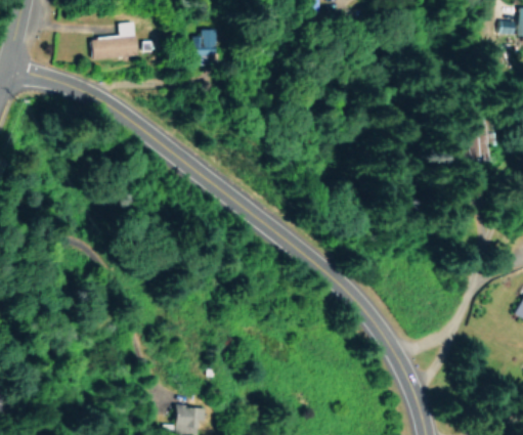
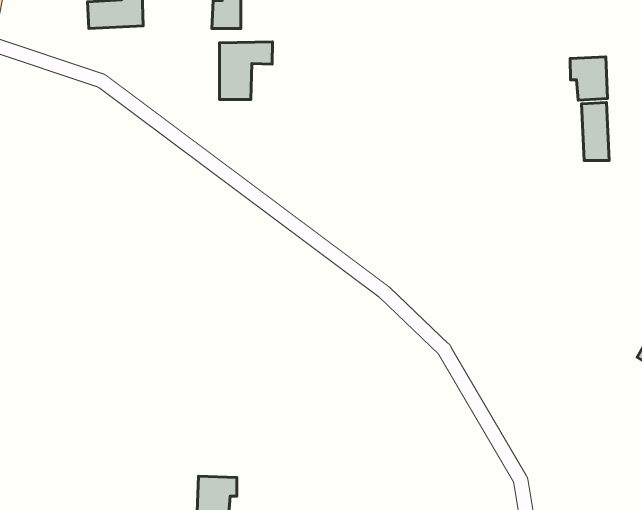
building: none -> [220,42,273,100]
building: none -> [570,57,608,100]

